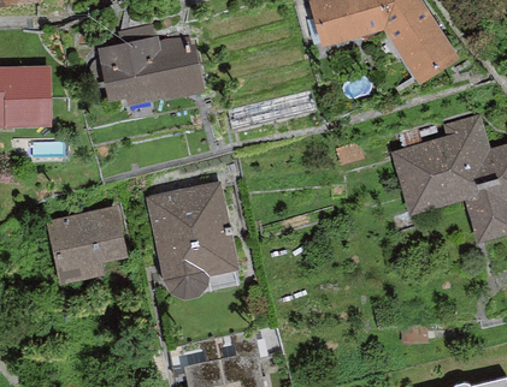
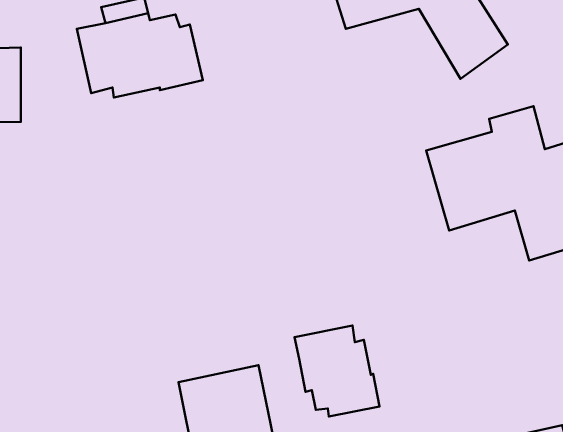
building: [147,179,240,299] -> none
building: [46,204,128,282] -> none
building: none -> [294,326,379,416]

